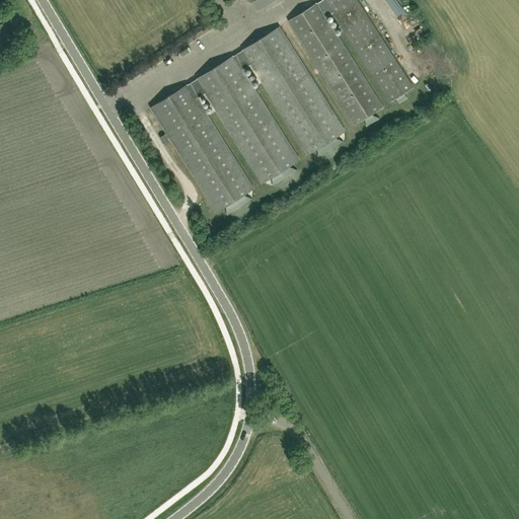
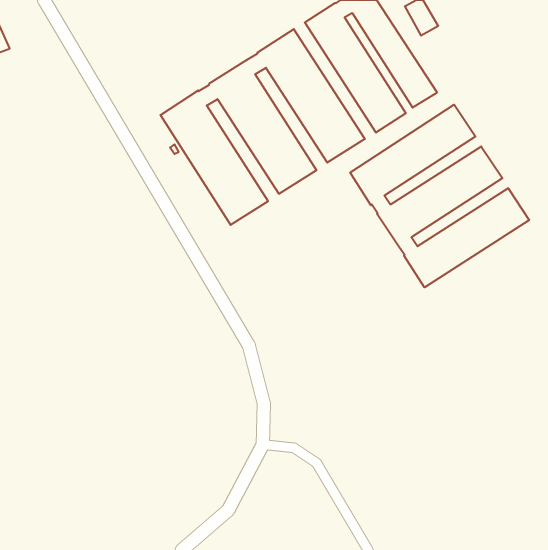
building: none -> [350,105,529,287]

